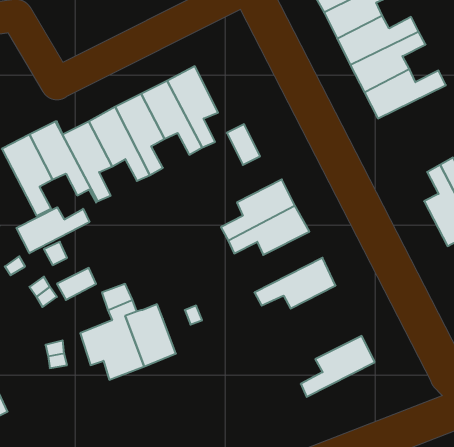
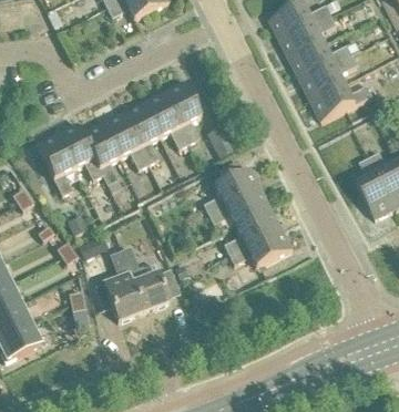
building: [16,207,89,253] -> none
building: [301,336,375,397] -> [224,206,280,253]

